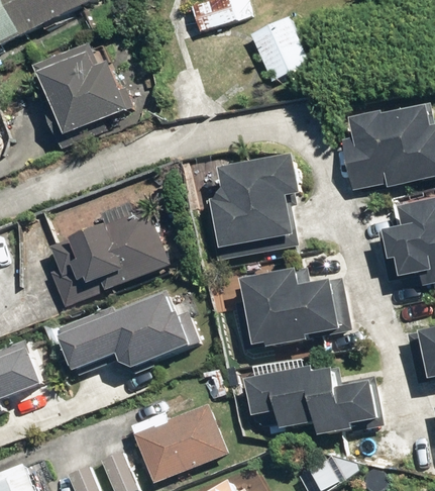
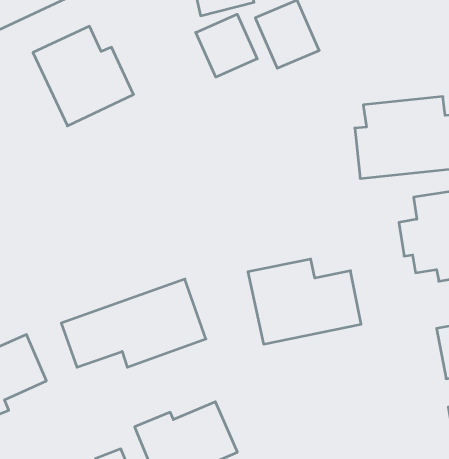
building: none -> [196,14,257,77]
building: [207,156,300,250] -> none
building: [48,203,170,286] -> none
building: [247,372,376,434] -> none

